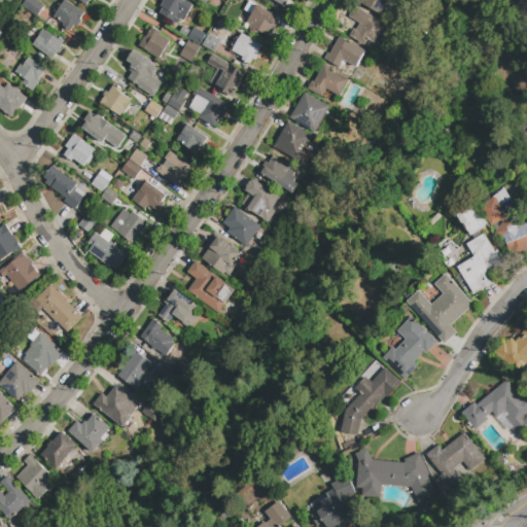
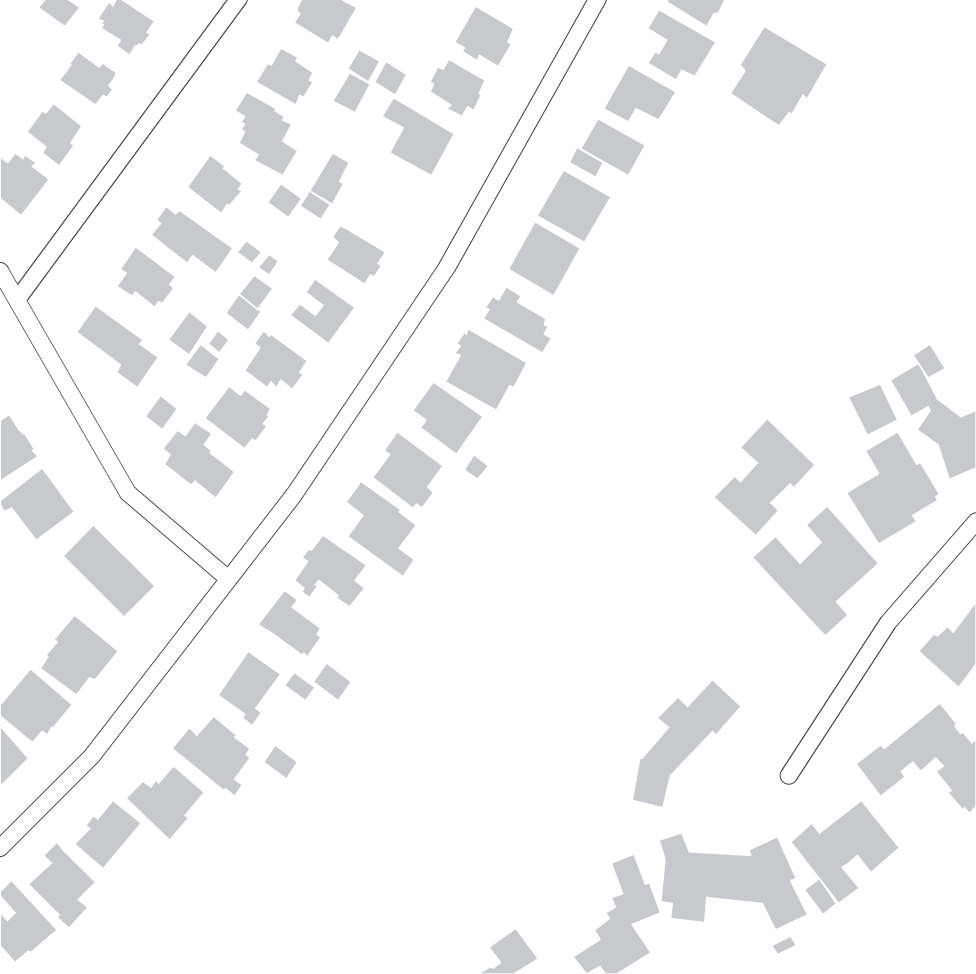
building: none -> [730,26,827,126]
building: [194,85,230,126] -> none
building: [382,315,436,378] -> [714,419,815,535]

